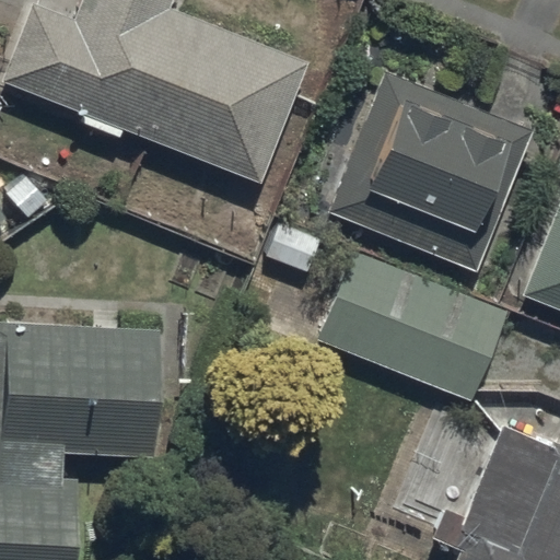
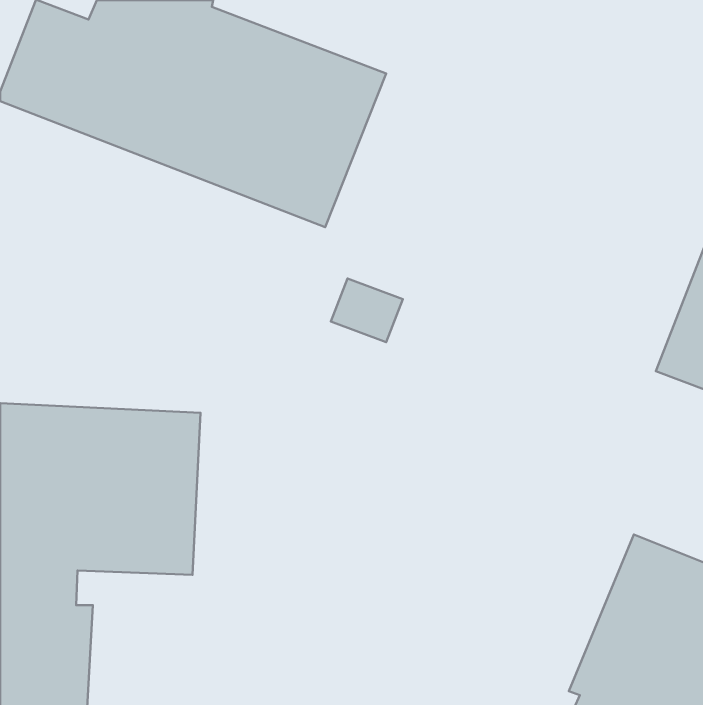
building: [329,72,533,271] -> none
building: [318,252,508,401] -> none

